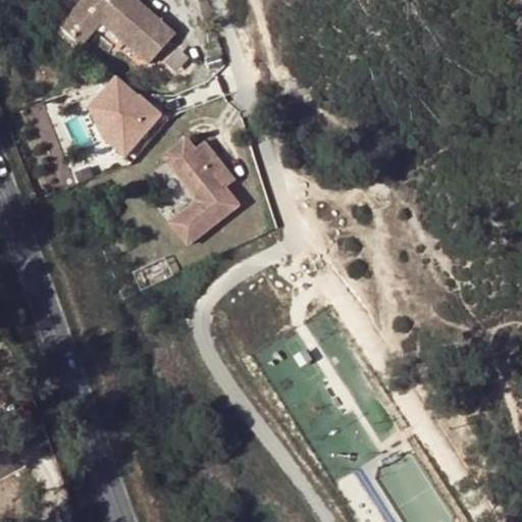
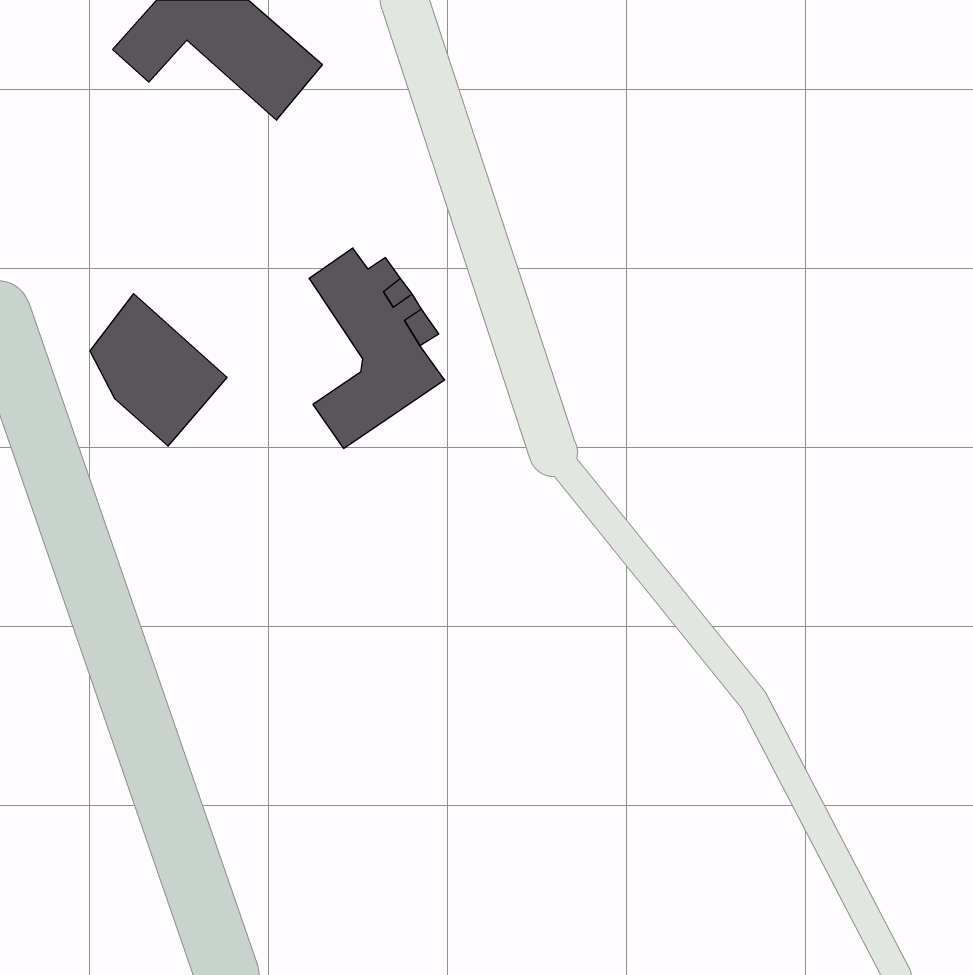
building: [90,75,163,157] -> [90,294,227,446]

